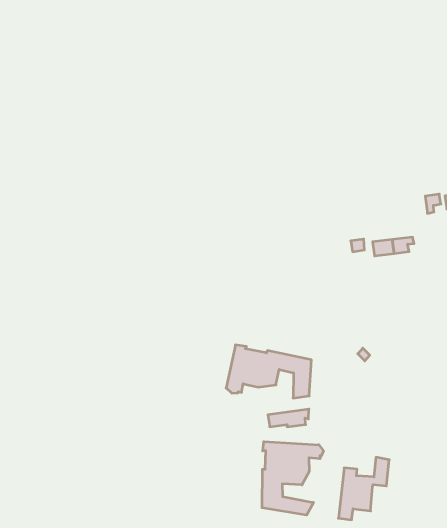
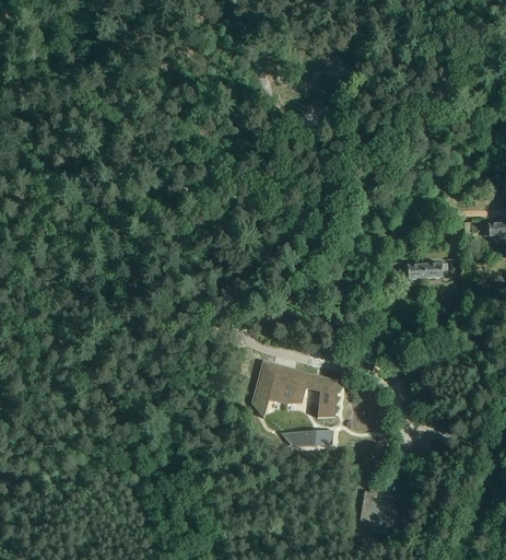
building: [262,442,323,515] -> none

